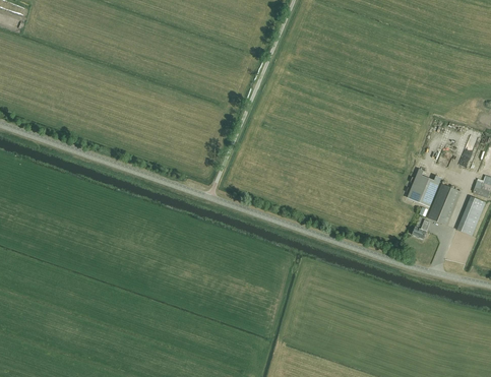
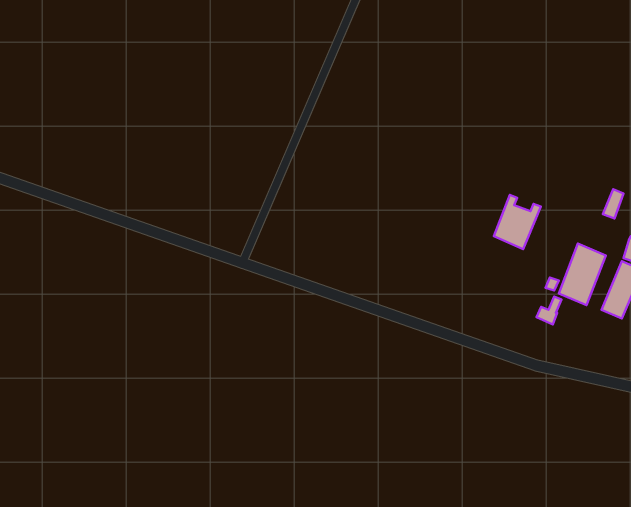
building: [409,169,441,206] -> [494,195,541,249]

